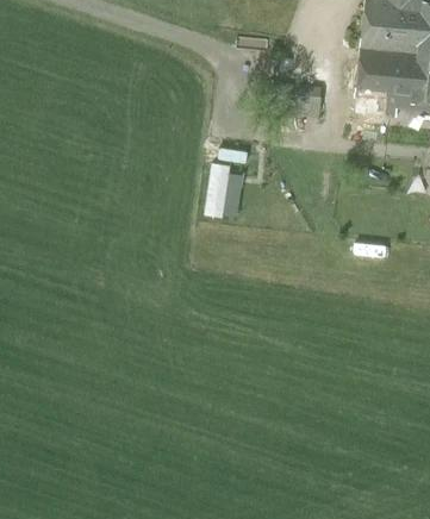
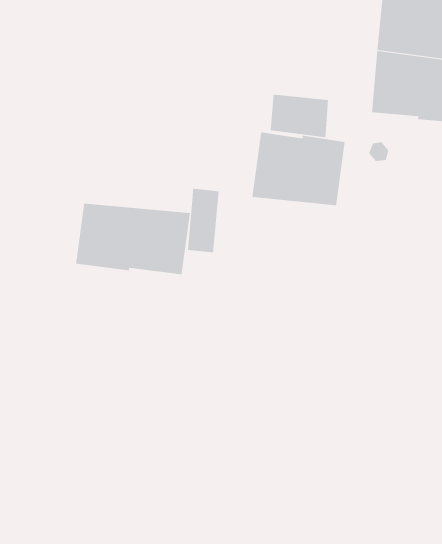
building: none -> [252,131,345,206]
building: none -> [75,203,190,275]

